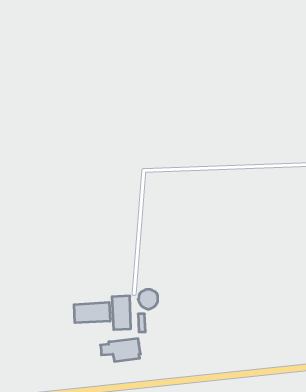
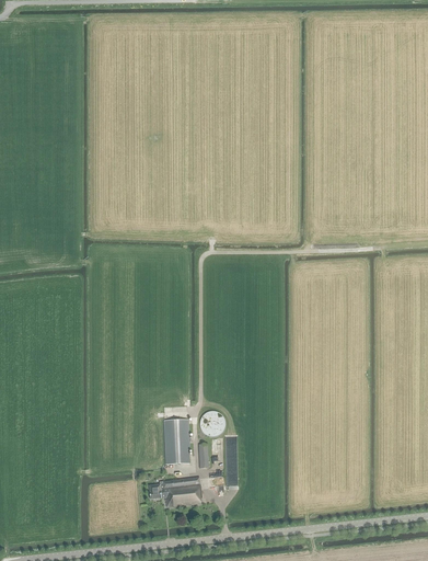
building: [74,302,110,323] -> none

